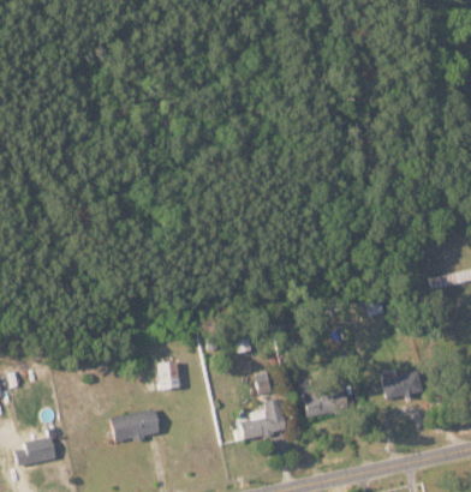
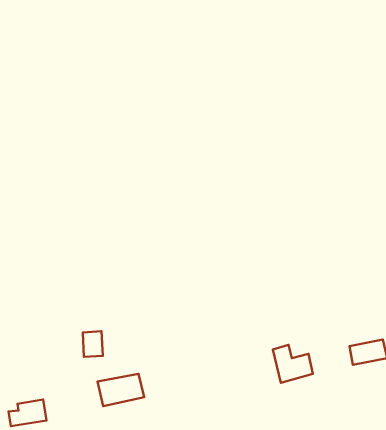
building: [157,361,179,389] -> [83,331,103,357]
building: [238,372,287,439] -> none

